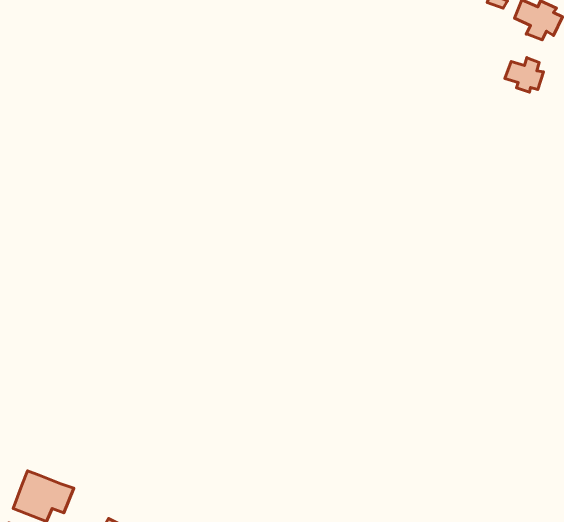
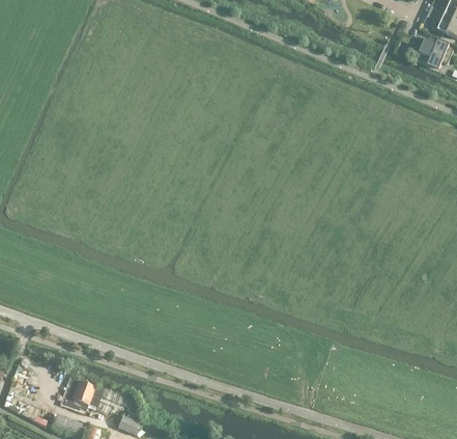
building: [505,57,543,92] -> none

